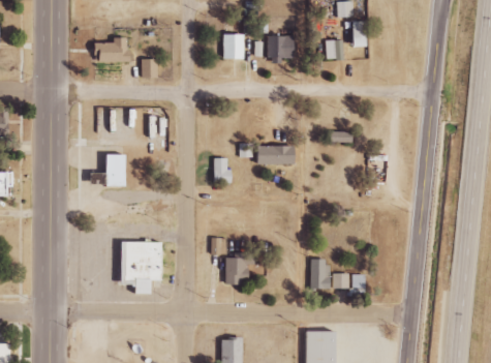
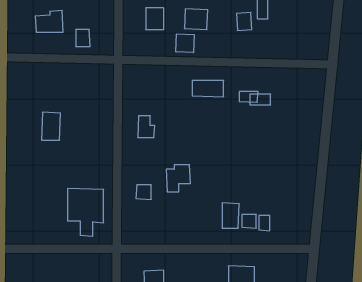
building: none -> [176,34,194,53]
building: [251,146,287,164] -> [192,81,224,97]
building: [220,252,248,283] -> [166,165,190,192]

